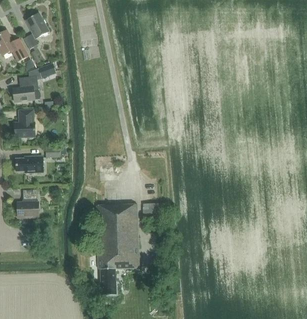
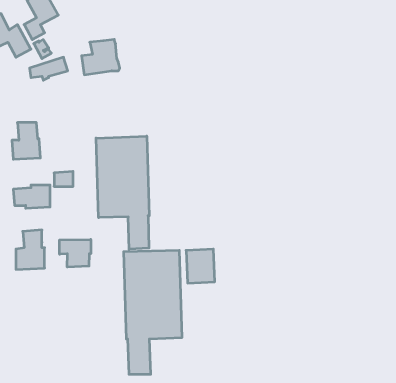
building: [12,76,40,102] -> [82,39,120,75]
building: none -> [96,136,149,249]
building: none -> [60,239,91,267]

